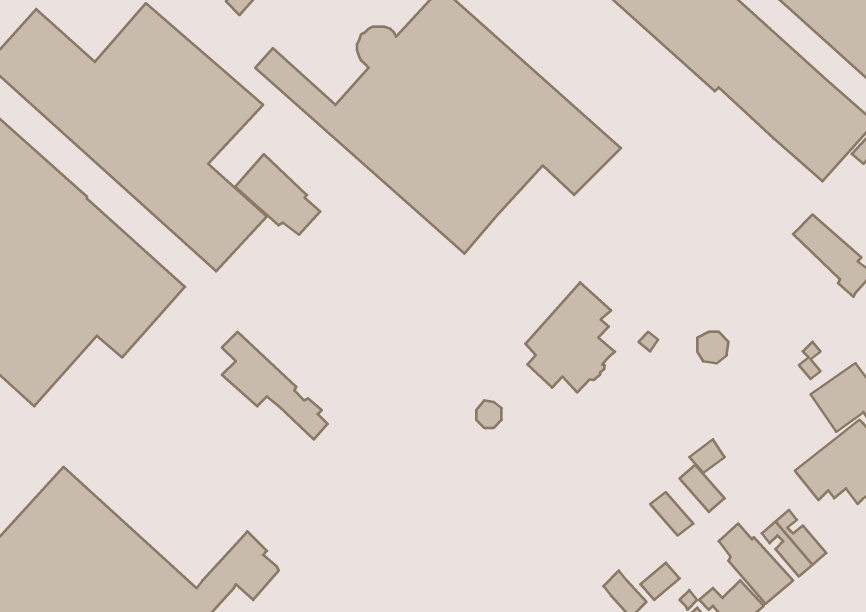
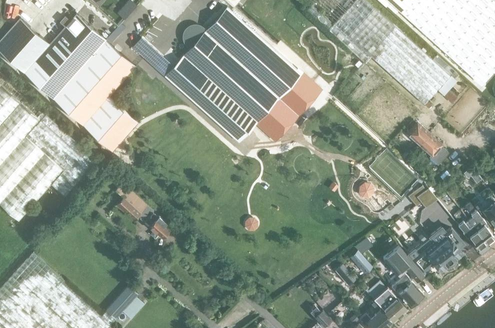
building: [235,154,320,235] -> none
building: none -> [255,98,294,138]
building: [525,282,615,392] -> none
building: none -> [381,245,423,283]

